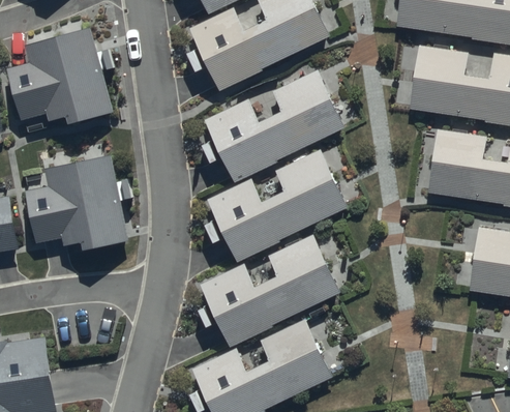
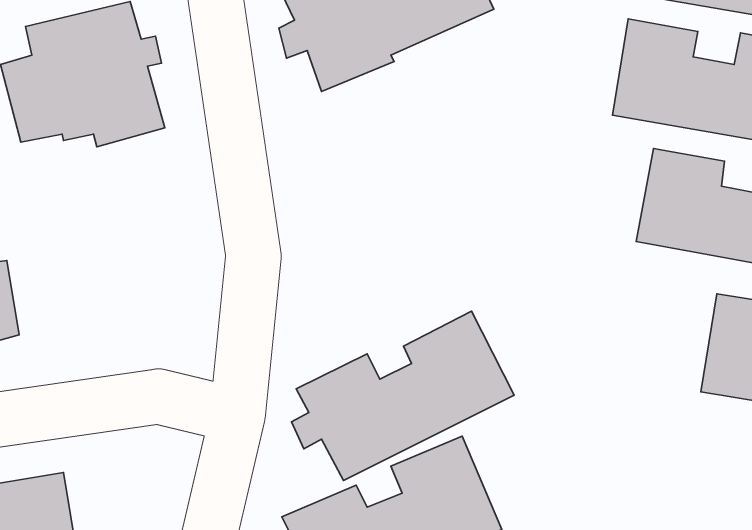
building: [202,67,346,177] -> none
building: [200,148,348,261] -> none
building: [27,161,136,248] -> none

